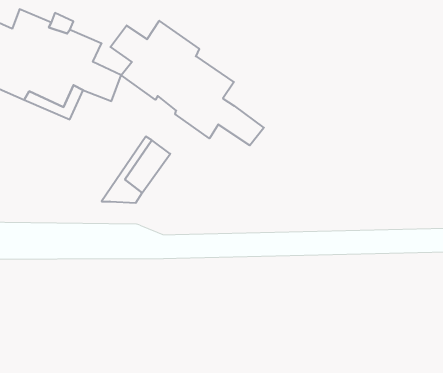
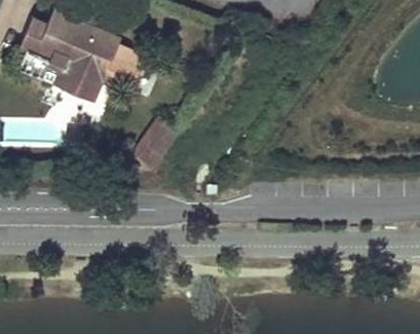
building: [110,21,264,145] -> none

